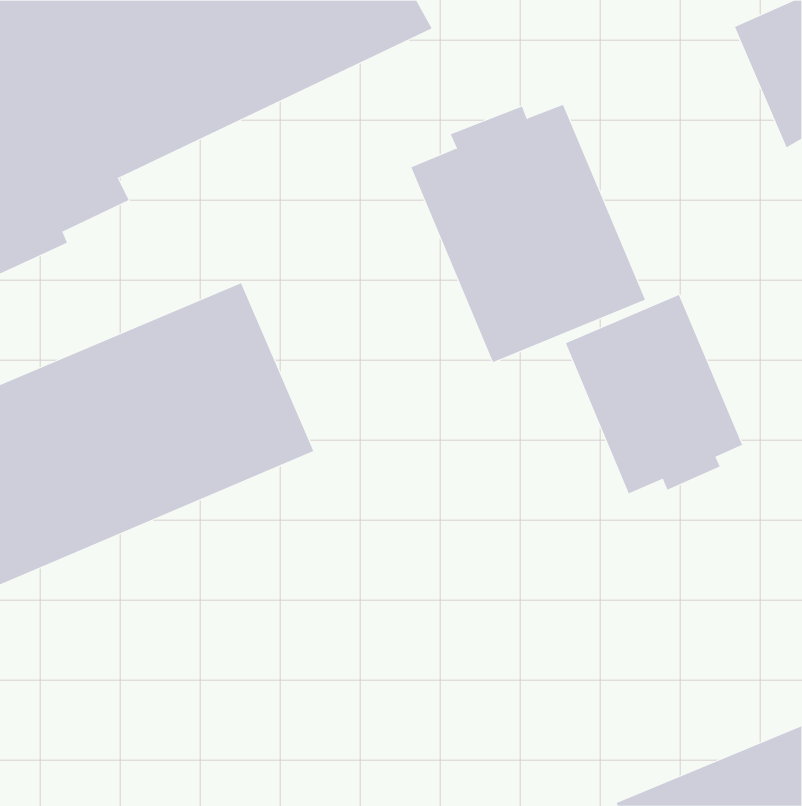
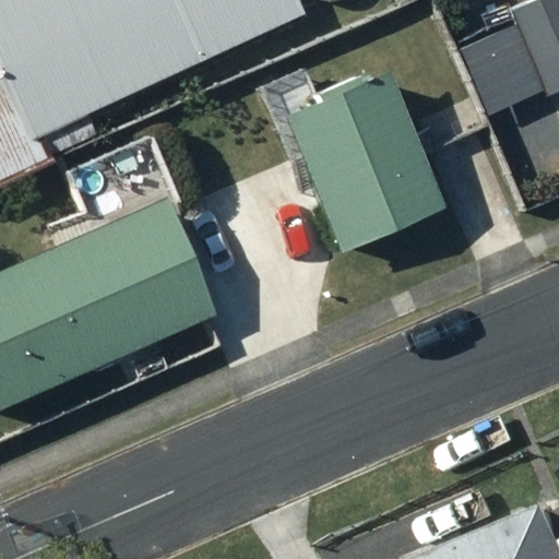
building: [565,294,743,494] -> none

